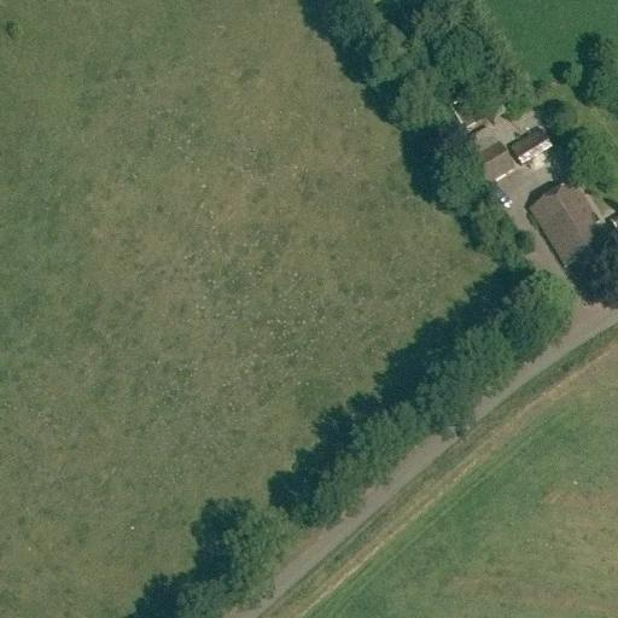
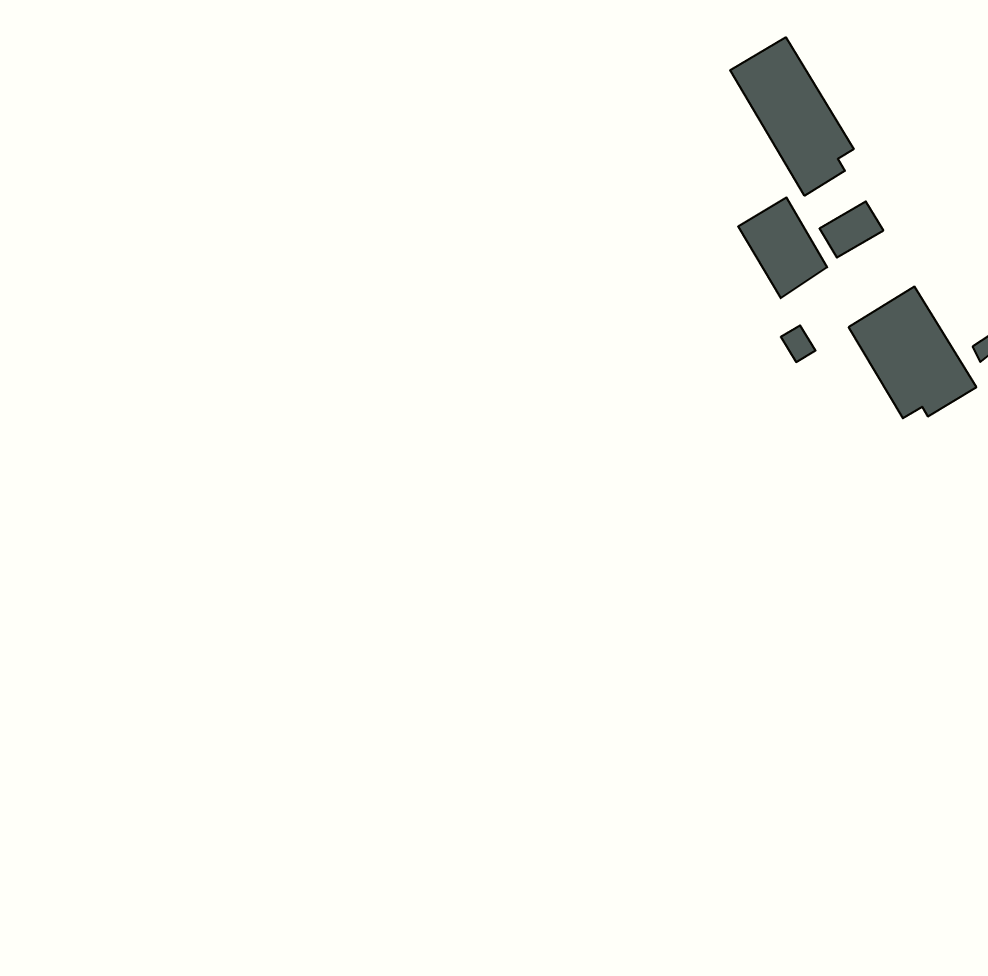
building: none -> [730,37,854,196]

